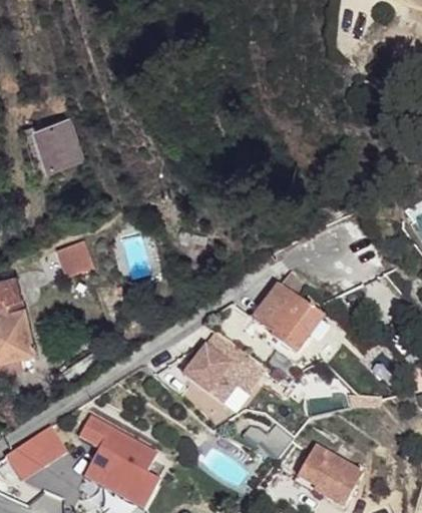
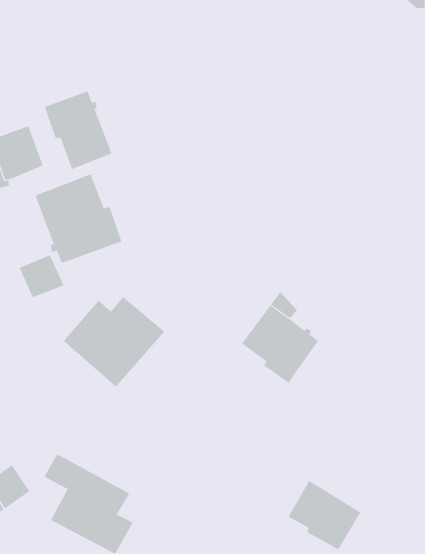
building: none -> [44,91,112,170]
building: none -> [35,173,122,264]
building: [175,340,268,422] -> [63,296,165,387]

